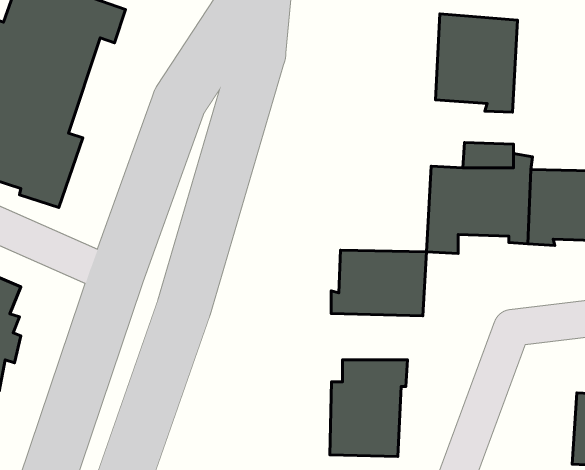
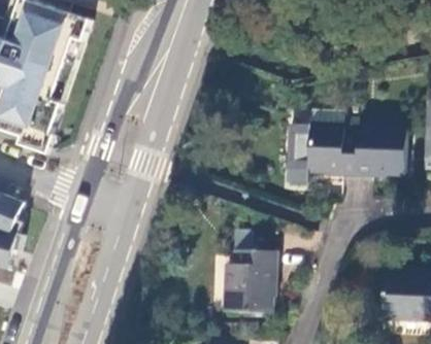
building: [435,14,518,112] -> none
building: [331,250,426,316] -> none

